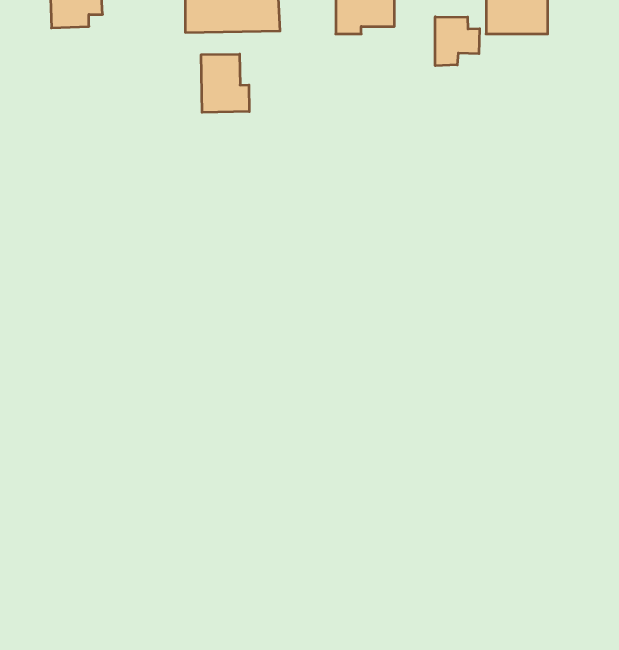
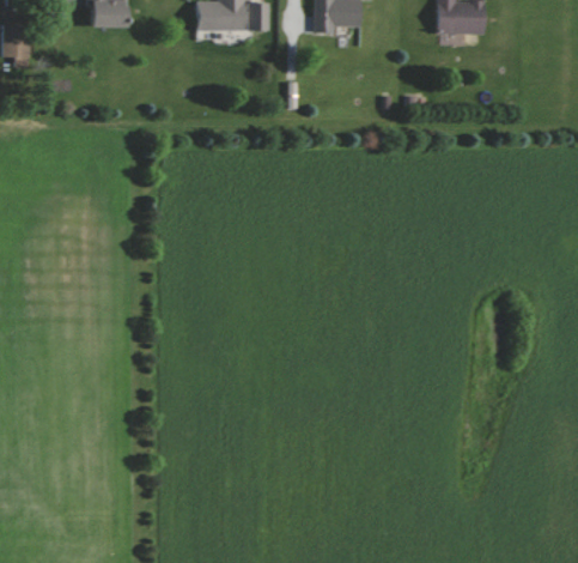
building: [435,17,480,66] -> none
building: [201,54,249,112] -> none

